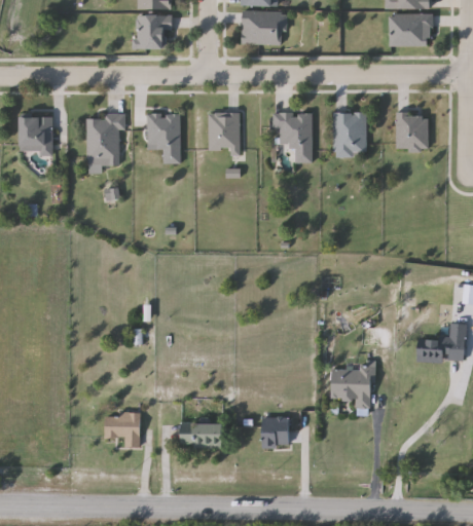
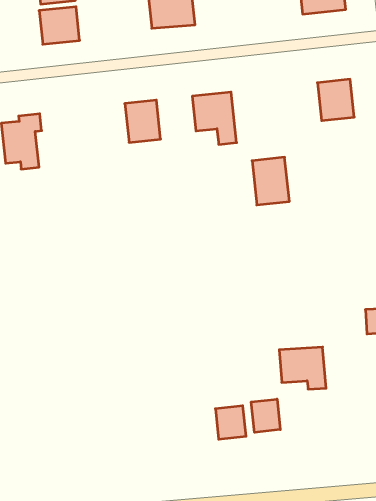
building: [147,113,179,164] -> none
building: [334,113,366,156] -> [252,157,289,205]
building: [104,413,140,447] -> none
building: none -> [251,399,280,432]
building: [182,423,224,446] -> none

